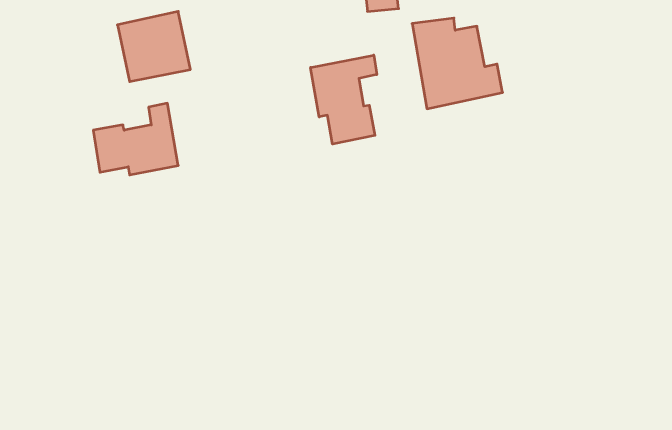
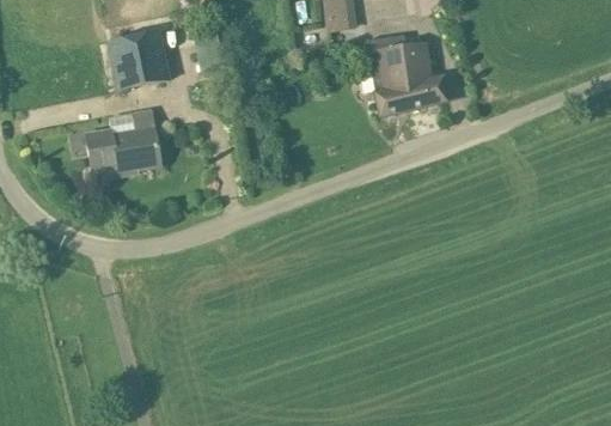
building: [311,55,377,144] -> none

